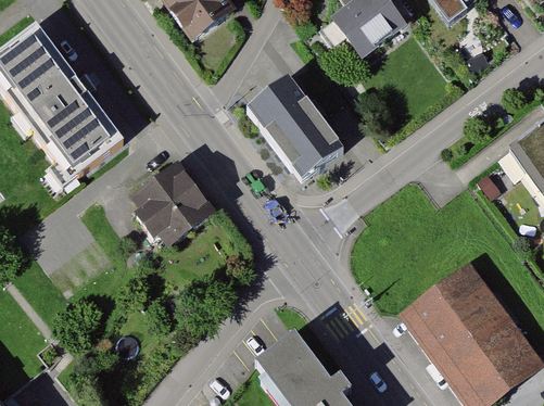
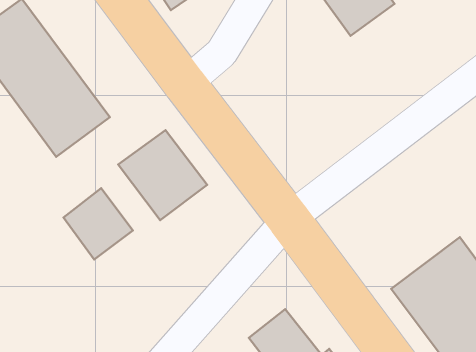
building: [251,75,346,179] -> none
building: none -> [63,188,133,260]

